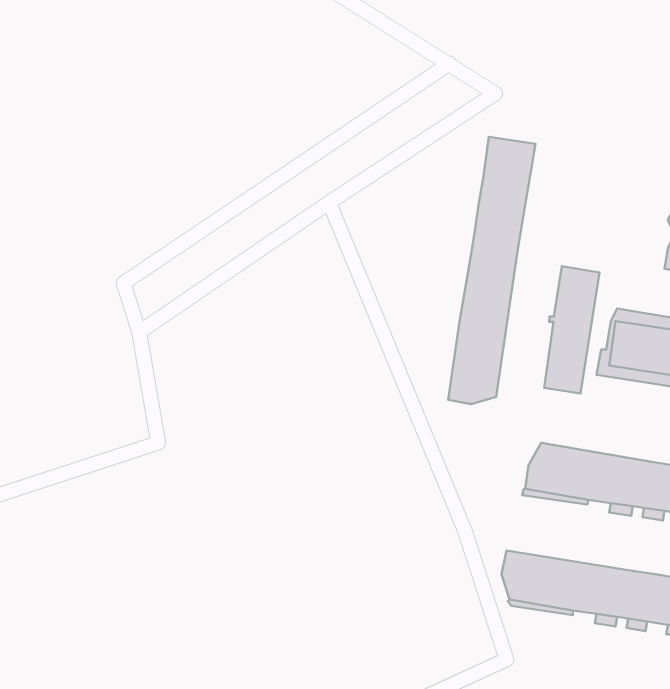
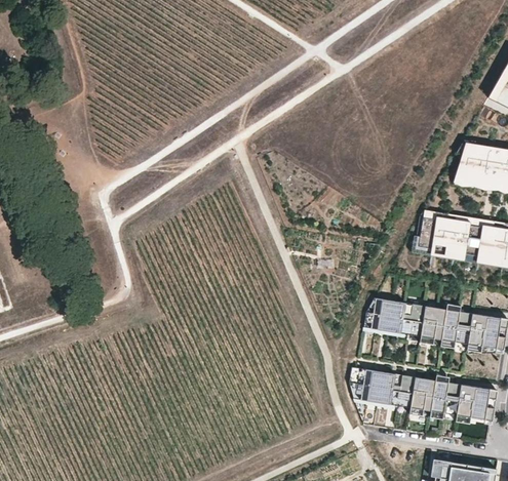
building: [448,137,535,404] -> none
building: [544,266,599,394] -> none

